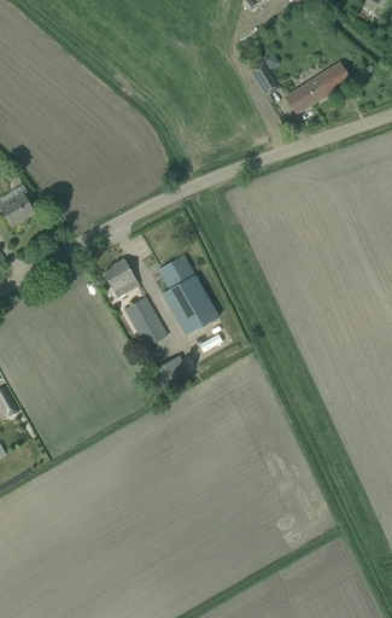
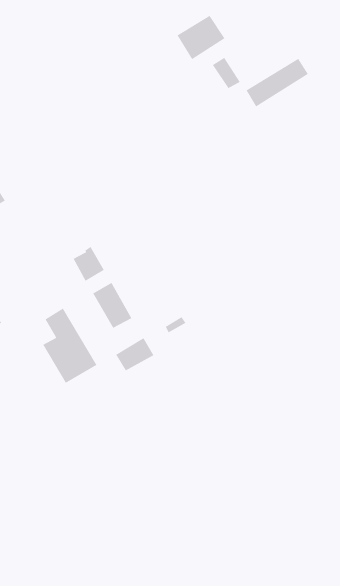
building: none -> [176,15,226,60]
building: [163,256,221,336] -> [42,308,98,384]

